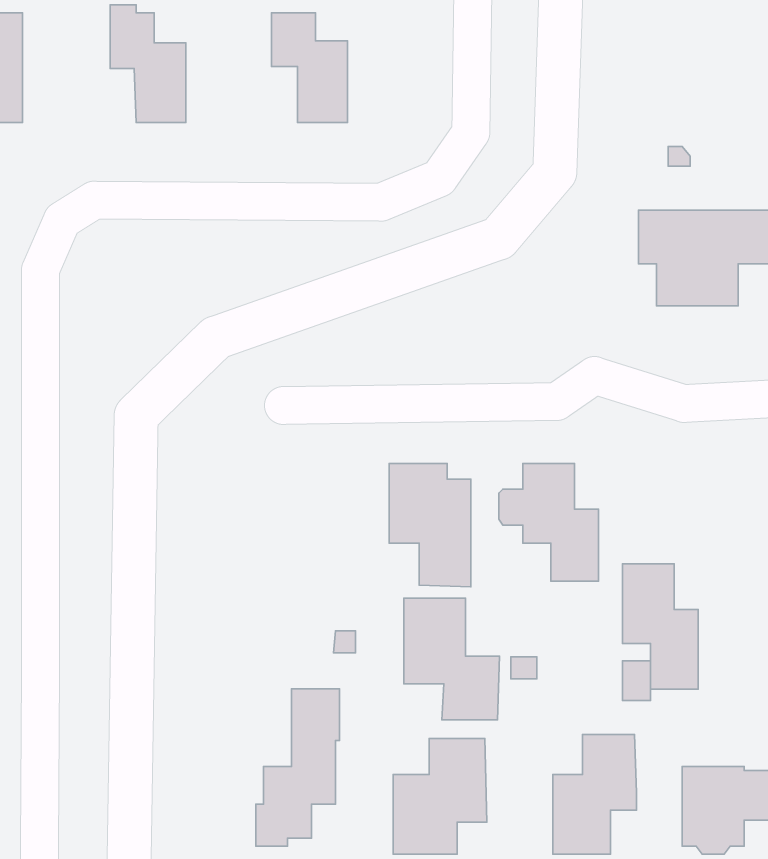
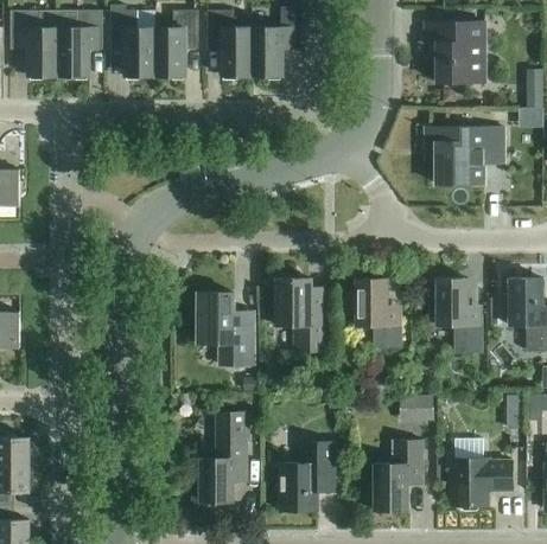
building: none -> [252,8,294,76]
building: none -> [58,11,102,76]
building: none -> [155,11,198,76]
building: none -> [425,23,485,83]
building: [622,564,698,689] -> [437,279,482,353]
building: [404,598,500,720] -> [197,293,254,365]

